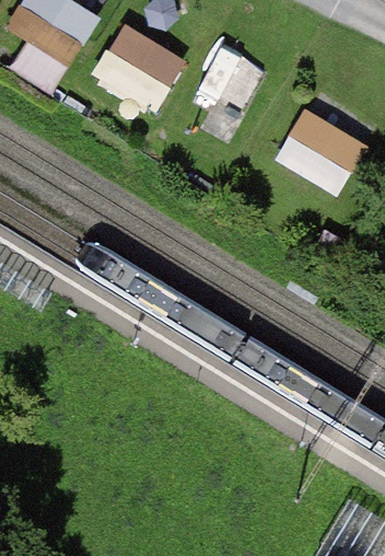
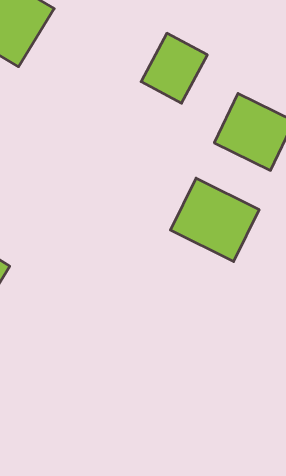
building: [92,24,185,112] -> none
building: none -> [170,178,259,262]

